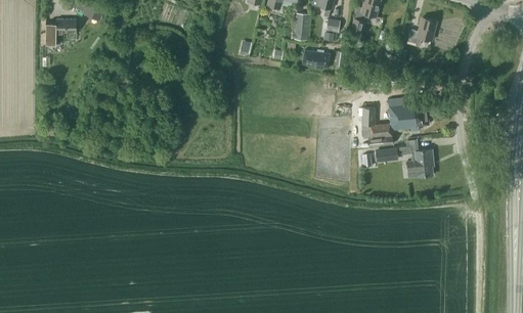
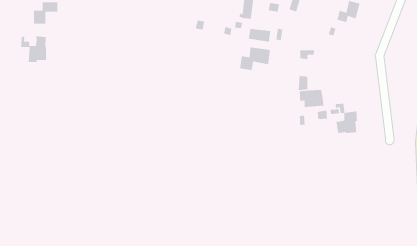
building: none -> [21,35,47,63]
building: none -> [239,46,271,71]
building: [387,96,429,130] -> none

